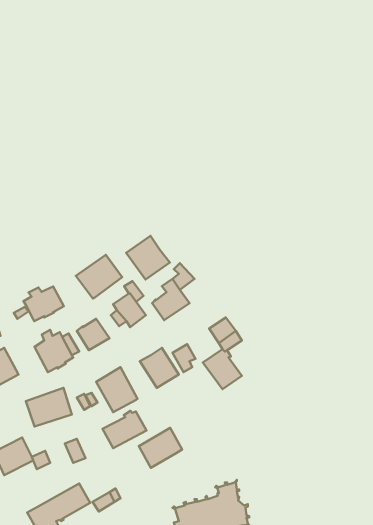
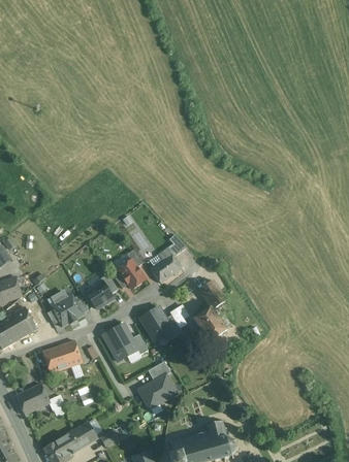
building: [126,236,170,279] -> none
building: [76,255,122,298] -> none
building: [24,286,64,321] -> none
building: [103,411,146,448] -> none

